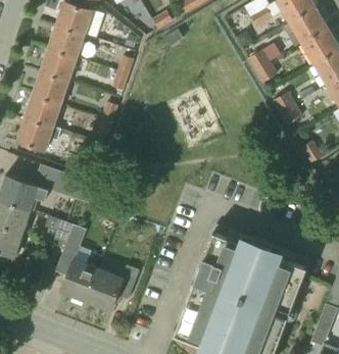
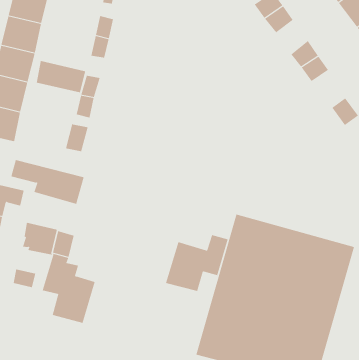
building: none -> [36,60,86,93]
building: [86,265,140,310] -> [165,234,228,292]

